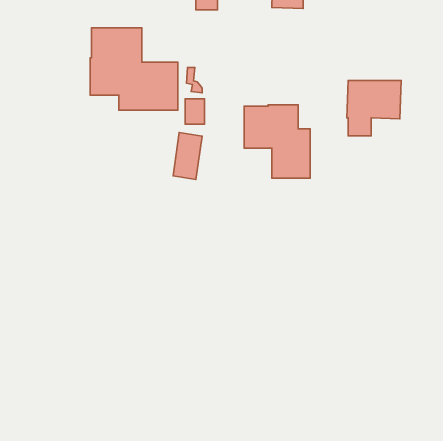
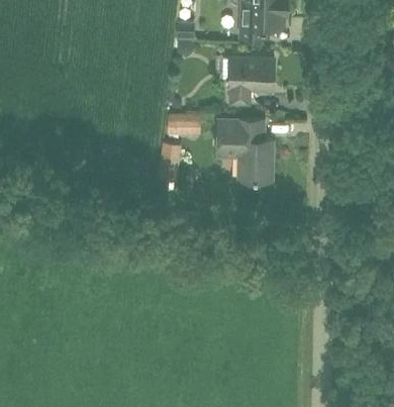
building: [90,28,178,110] -> none
building: [347,80,401,136] -> [230,58,276,104]

